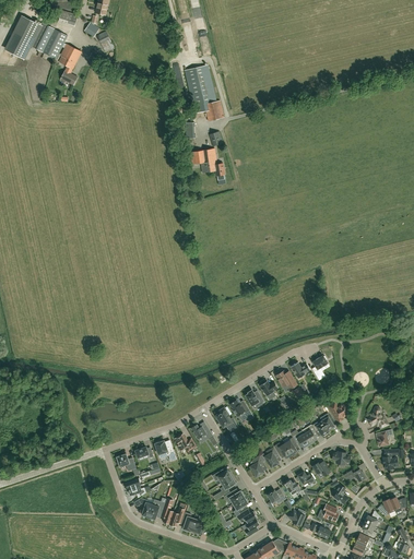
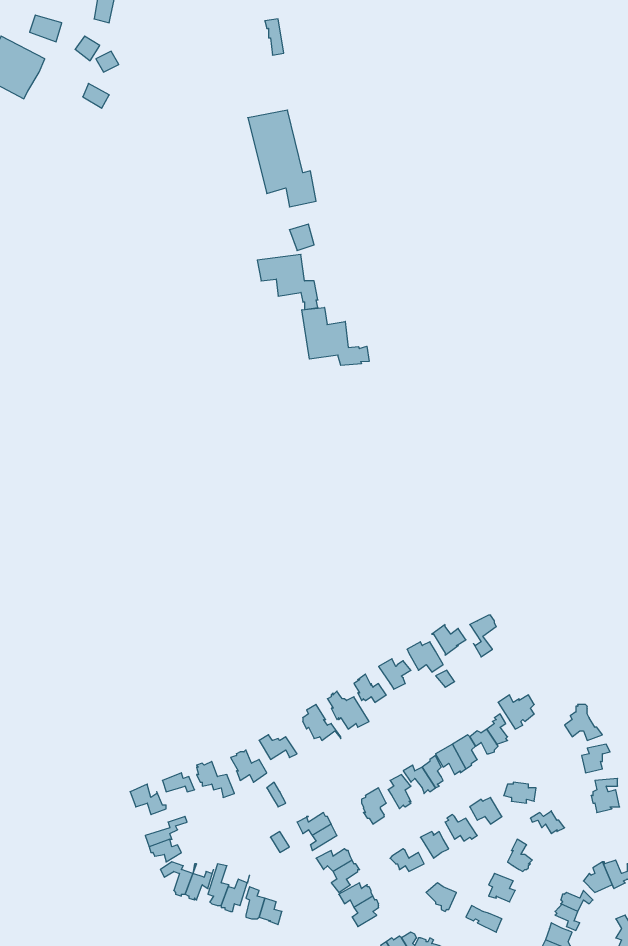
building: [58,44,82,85] -> none
building: none -> [302,307,369,365]

